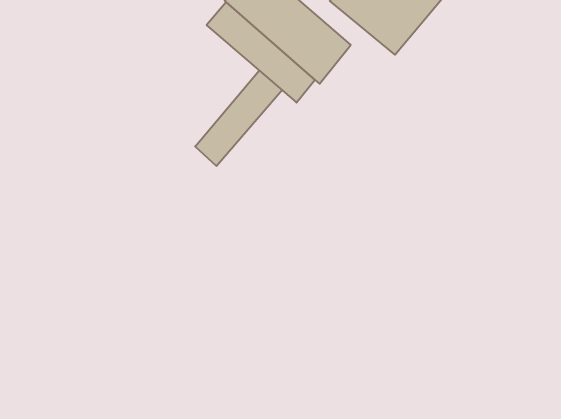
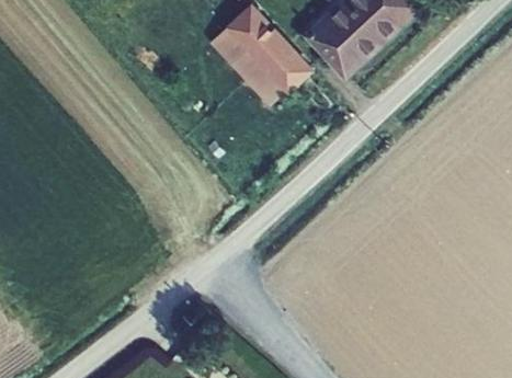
building: [195,70,282,166] -> none

